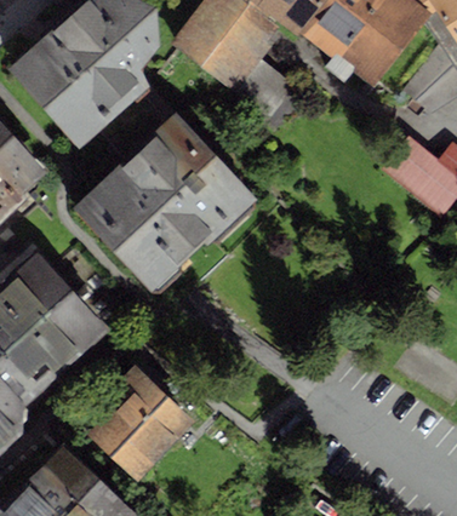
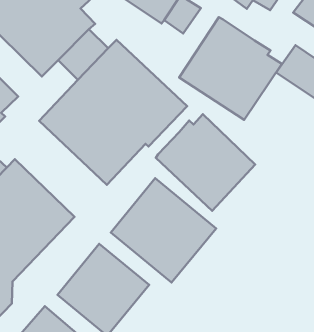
building: none -> [179,17,282,120]
building: none -> [156,114,255,211]
building: none -> [111,178,216,283]

